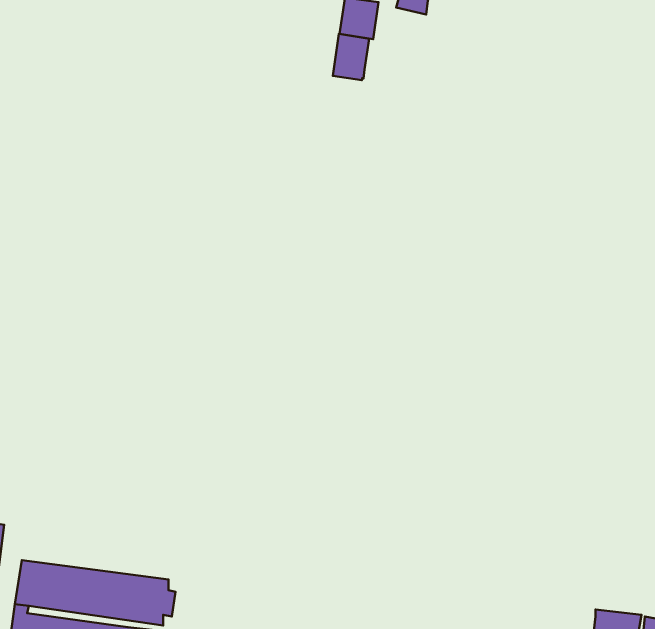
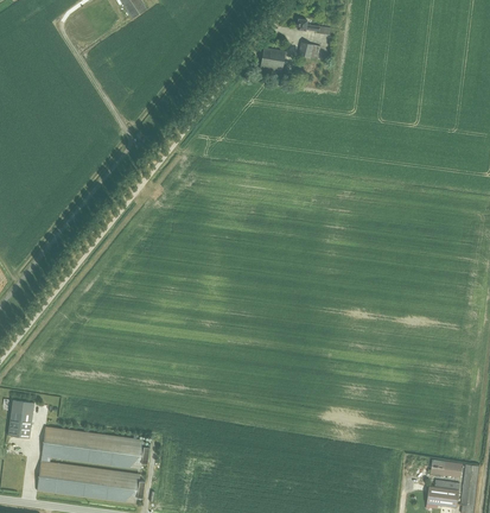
building: [333,34,369,80] -> none

